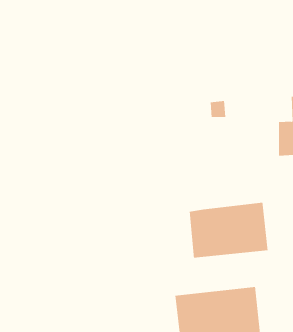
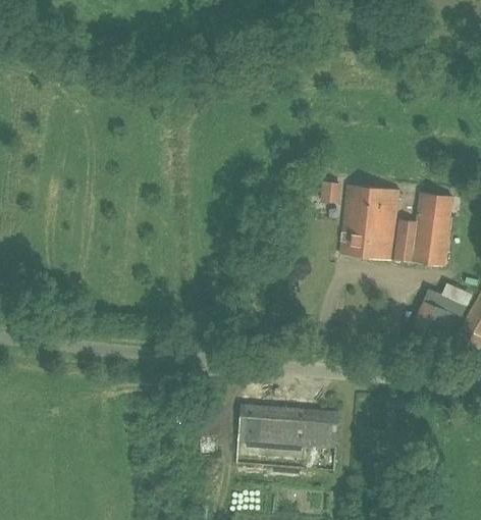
building: none -> [338,184,399,260]
building: [189,202,268,259] -> none

